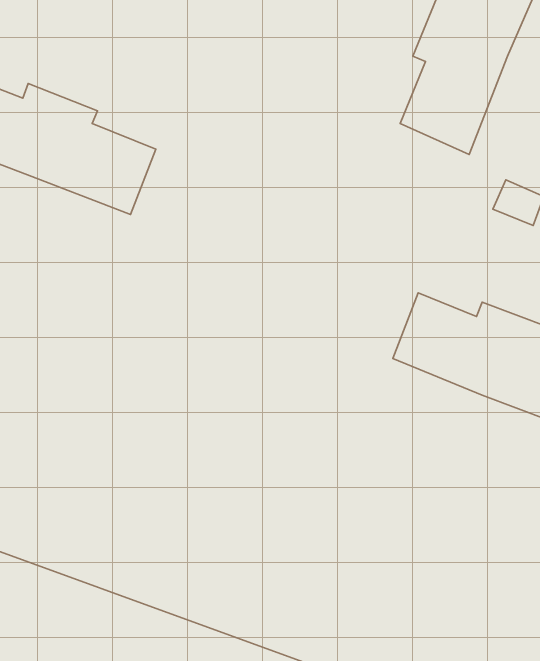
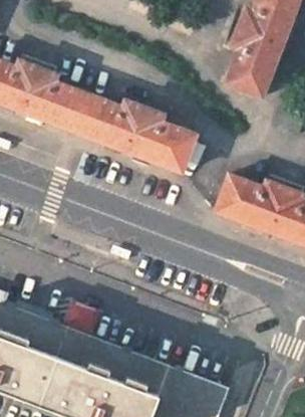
building: none -> [76,93,195,171]

